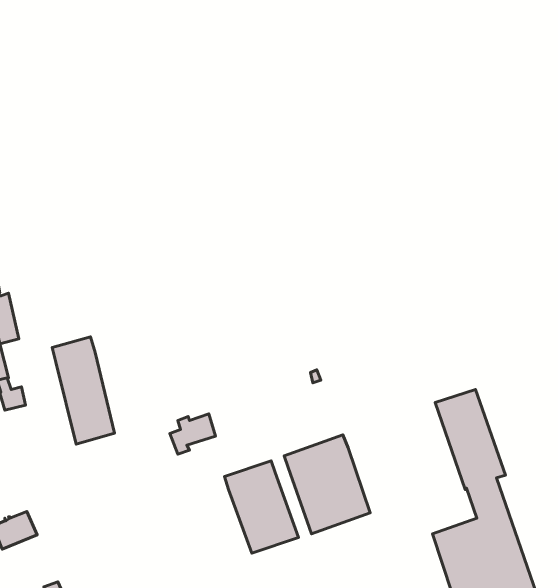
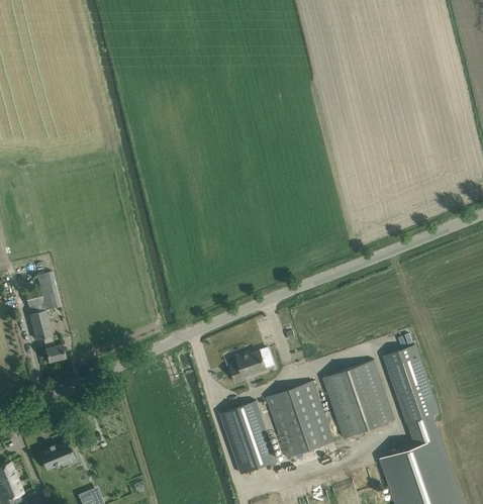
building: [52,337,115,444] -> none
building: none -> [322,361,394,438]
building: [170,414,215,454] -> [229,351,265,383]

